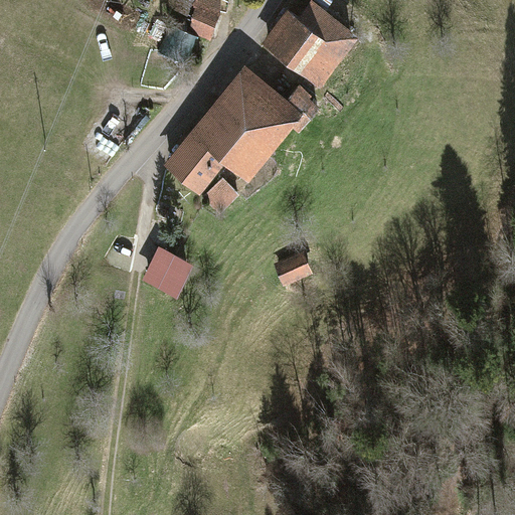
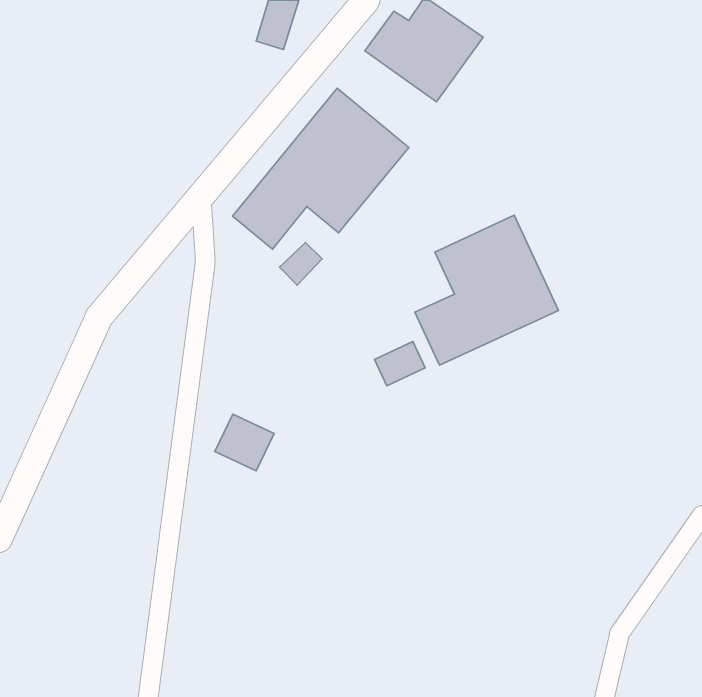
building: none -> [415,215,559,365]
building: [144,250,187,292] -> [215,414,274,471]

